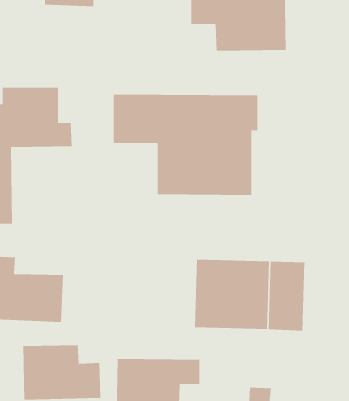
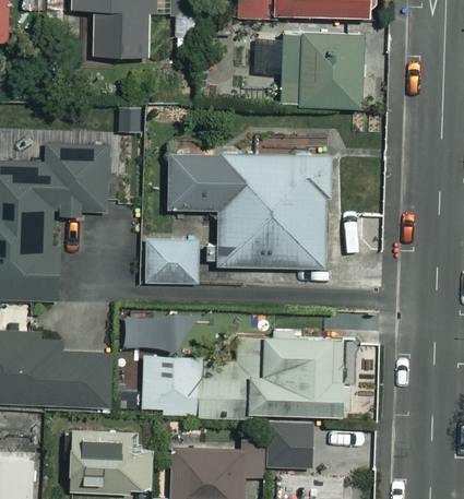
building: none -> [146,241,198,284]
building: none -> [124,313,176,351]
building: none -> [119,356,254,417]
building: none -> [270,424,309,468]

